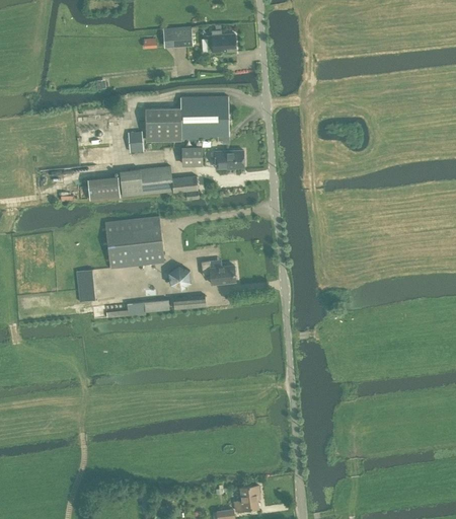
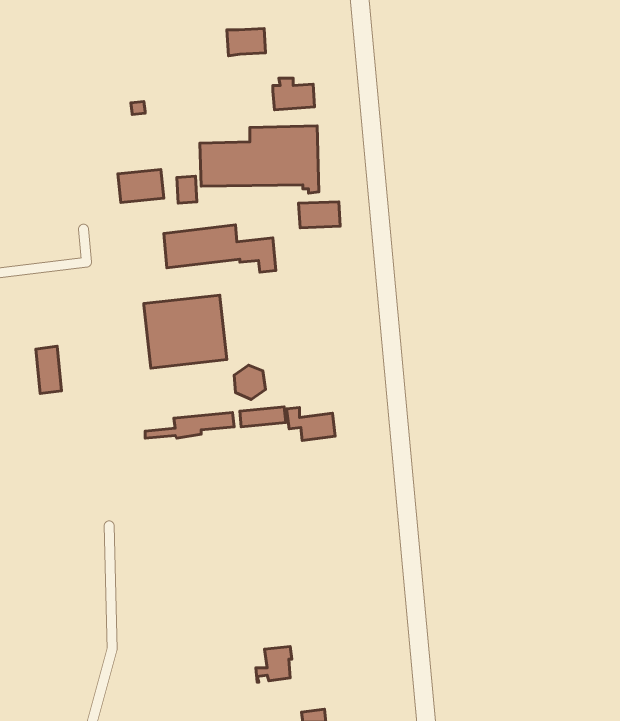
building: [207,29,236,52] -> [273,78,315,110]
building: [87,175,120,199] -> [118,170,164,203]
building: [201,261,235,284] -> [286,407,335,440]
building: [77,269,95,302] -> [36,346,62,394]
building: [234,486,259,511] -> [256,646,292,682]

